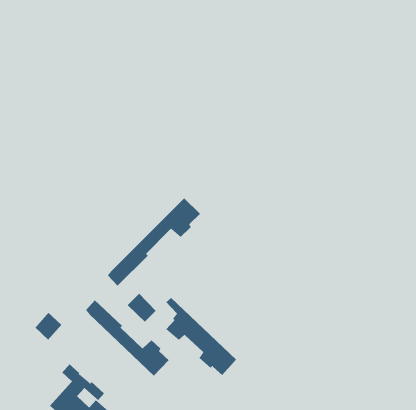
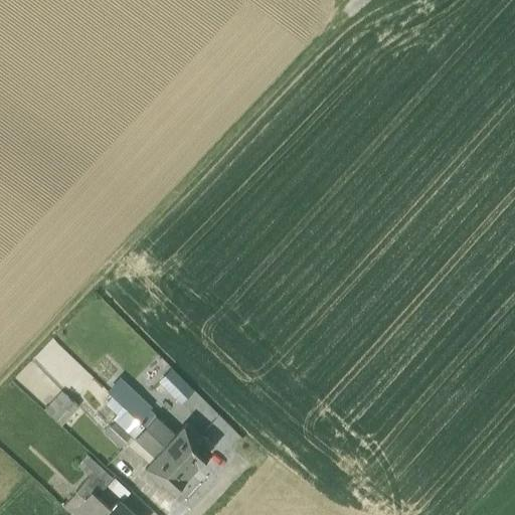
building: [107,197,201,286] -> none
building: [166,297,237,376] -> [105,396,192,493]

